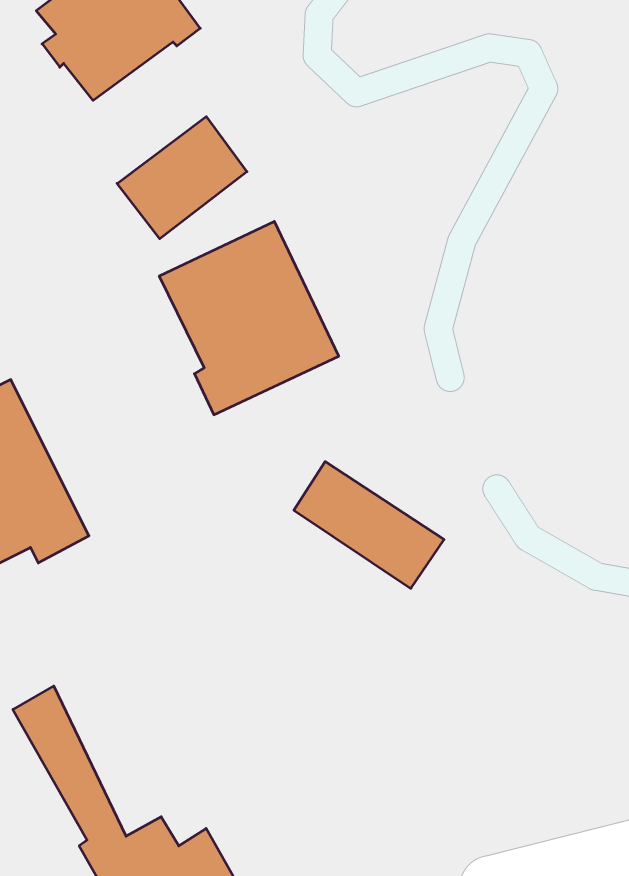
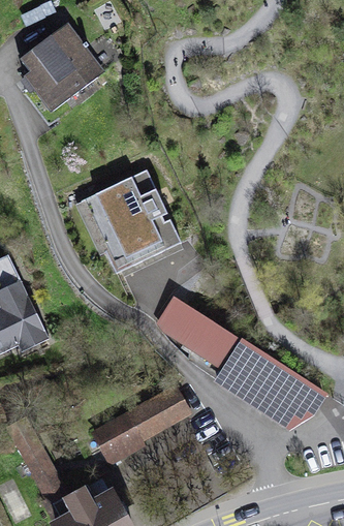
building: [117,117,247,239] -> none
building: none -> [219,344,323,427]
building: none -> [95,388,188,457]

